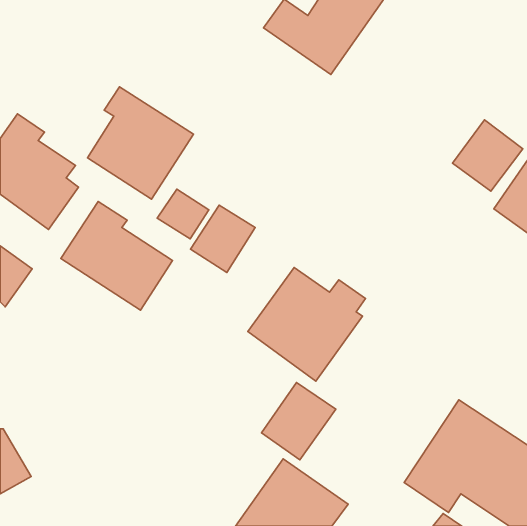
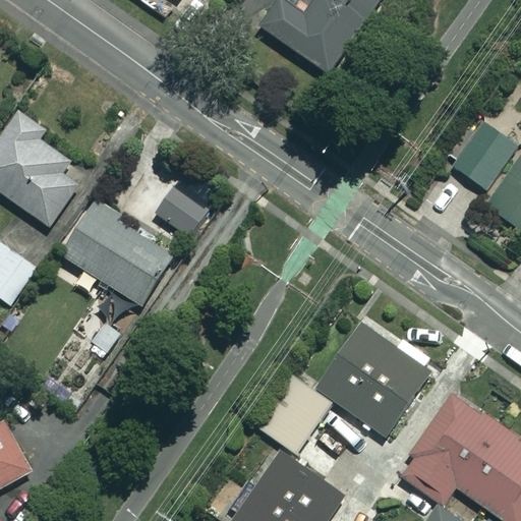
building: [87,87,193,199] -> none
building: [191,205,255,272] -> none
building: [248,267,366,381] -> [315,324,431,436]

